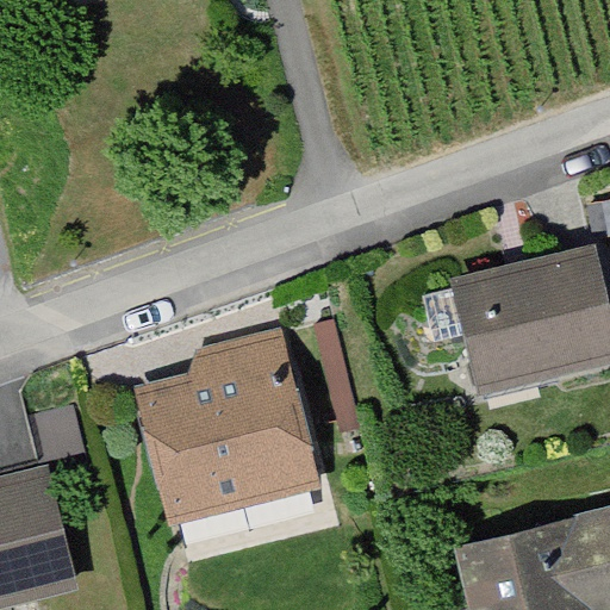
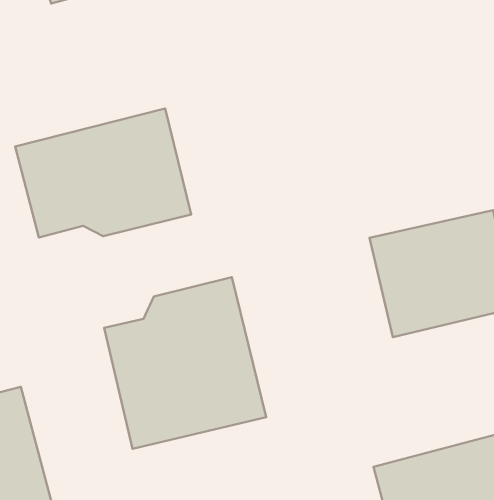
building: none -> [15,108,191,237]

